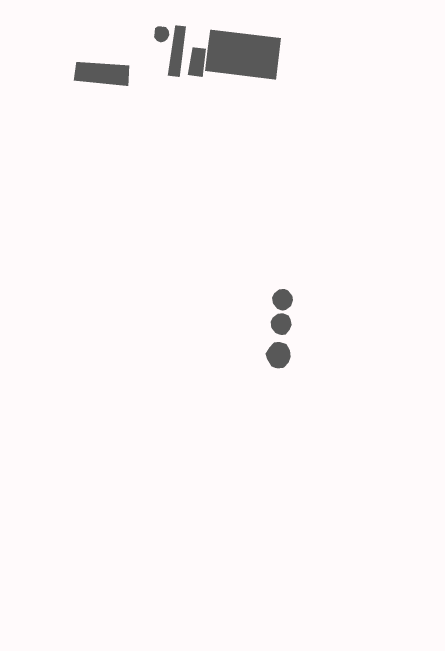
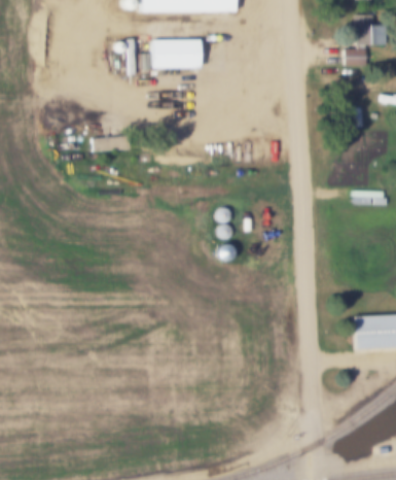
building: [73,61,130,86] -> [93,136,131,151]

